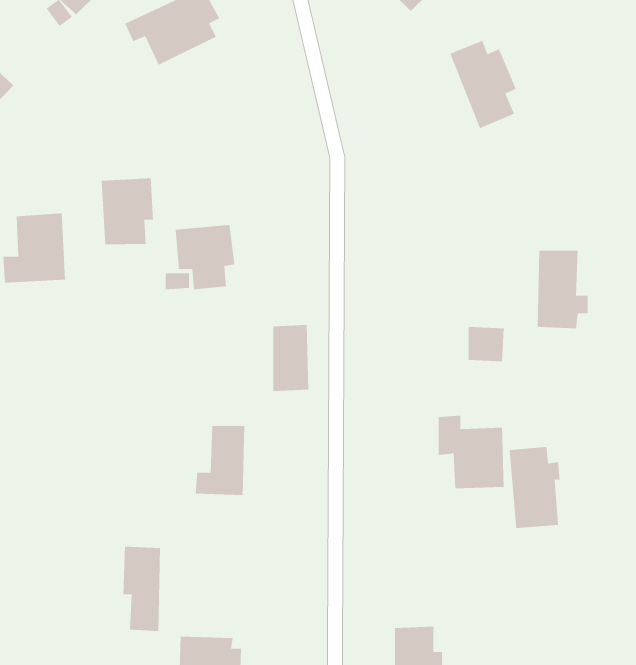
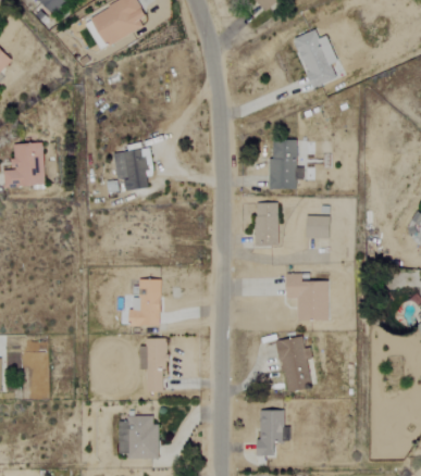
building: [101,177,153,245] -> none
building: [537,250,589,329] -> [271,138,305,189]
building: [272,325,309,392] -> [256,202,280,246]
building: [509,447,561,529] -> [278,337,312,390]
building: [122,546,161,632] -> [141,337,166,392]

